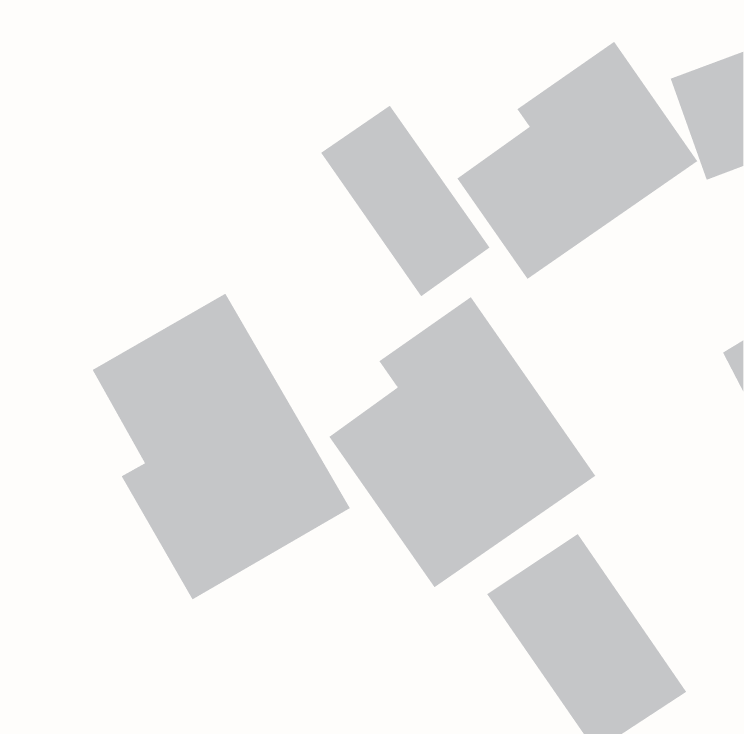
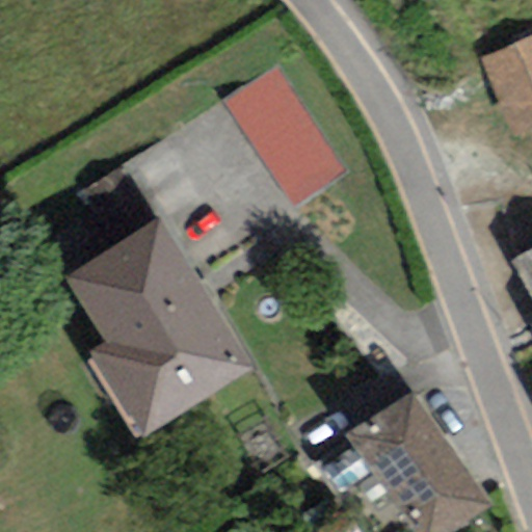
building: [456,41,698,280] -> none
building: [329,296,596,588] -> none

